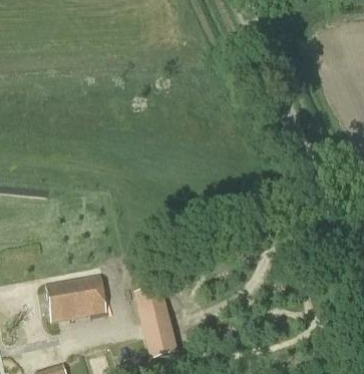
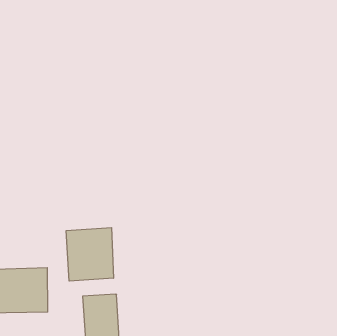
building: none -> [66,228,113,281]

